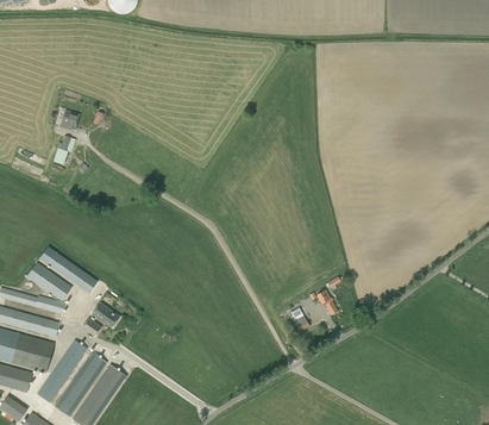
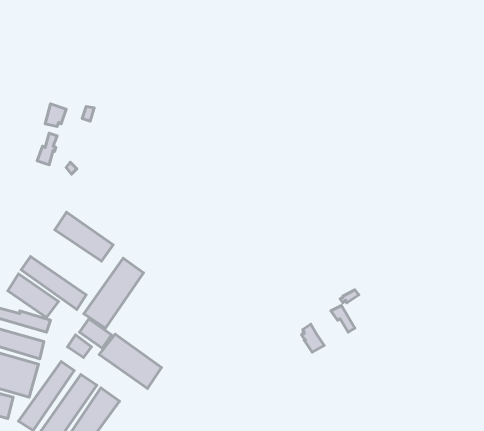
building: none -> [55,212,113,261]
building: none -> [84,258,143,328]
building: none -> [99,334,162,389]

